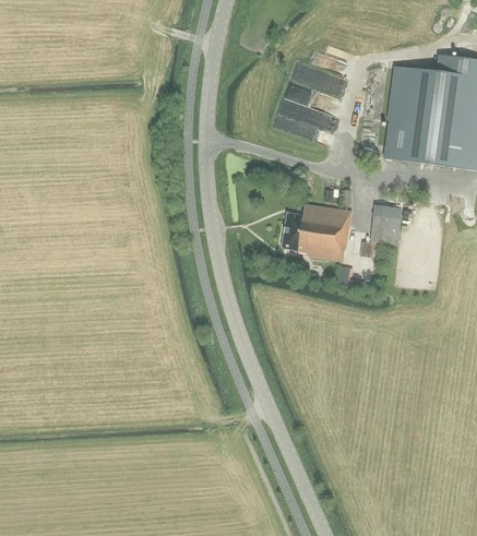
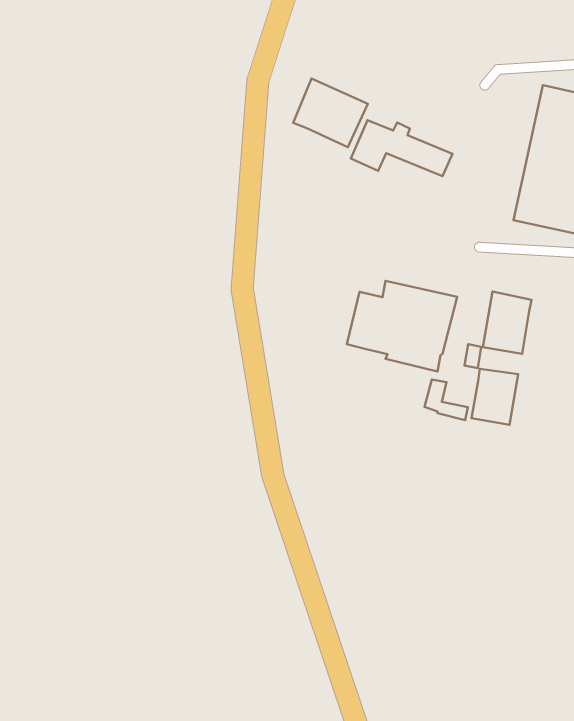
building: none -> [293,78,368,147]
building: none -> [471,369,518,425]

